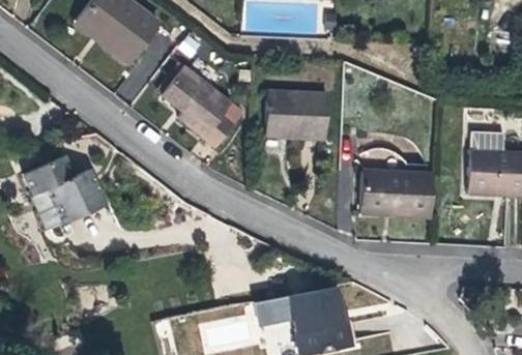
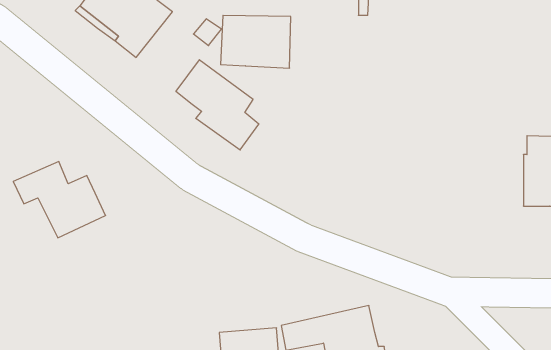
building: [264,93,326,140] -> [221,15,291,68]
building: [367,172,436,215] -> none

